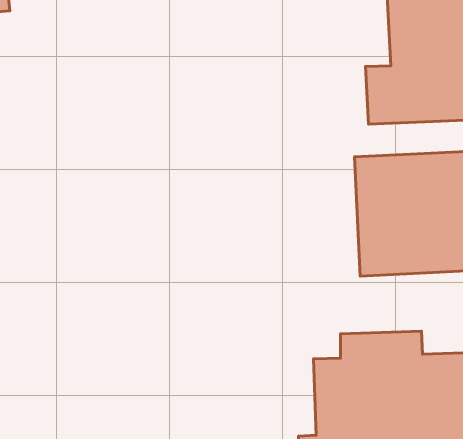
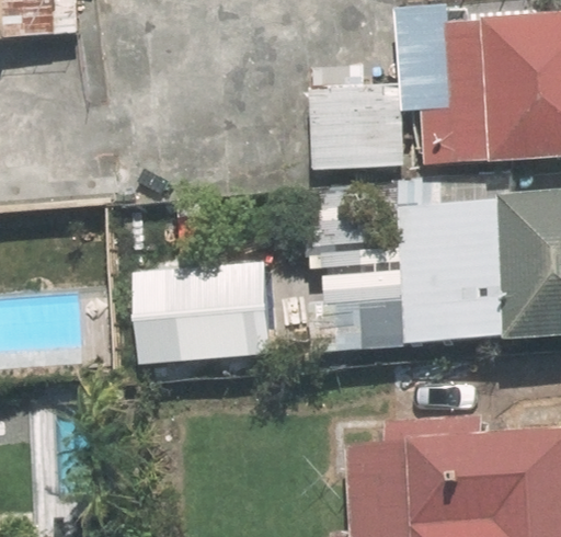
building: none -> [307,53,400,156]
building: none -> [187,266,423,354]

